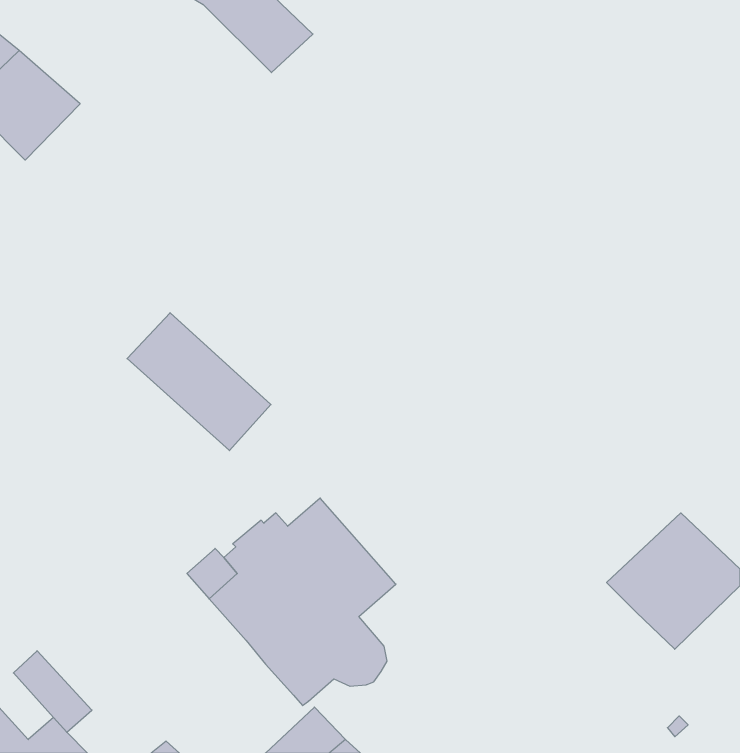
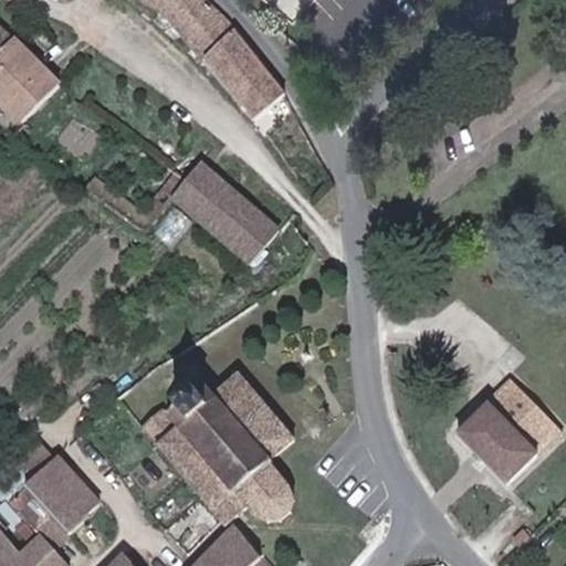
building: none -> [202,25,283,114]
building: [127,313,271,451] -> [168,159,275,262]
building: none -> [28,459,97,530]

